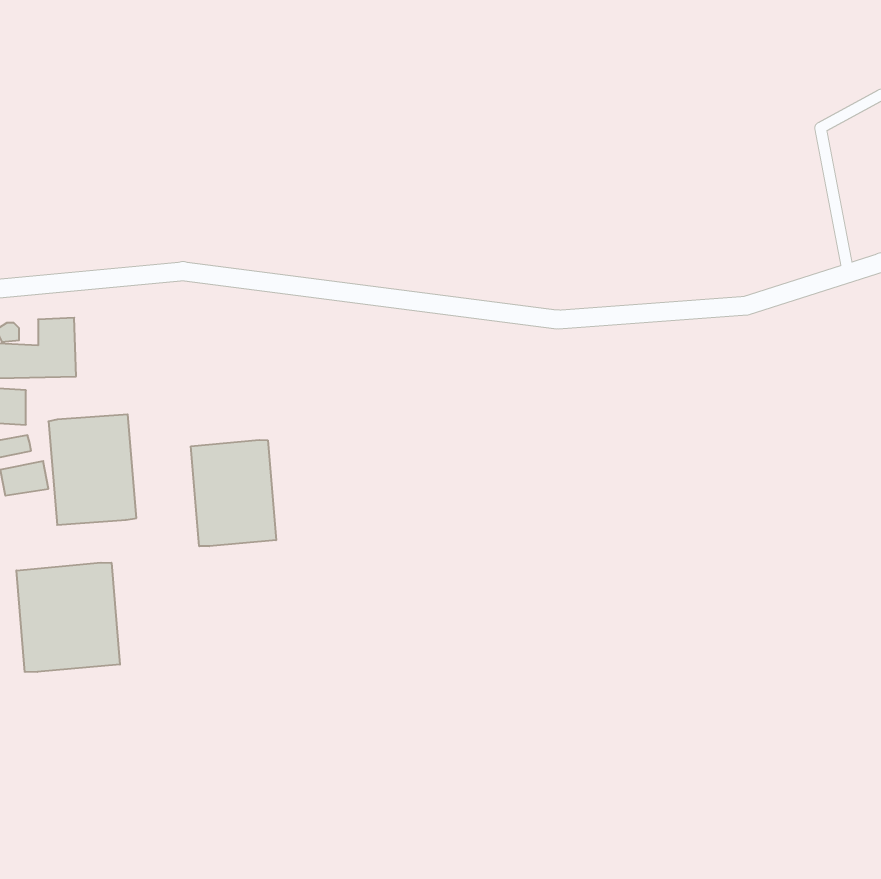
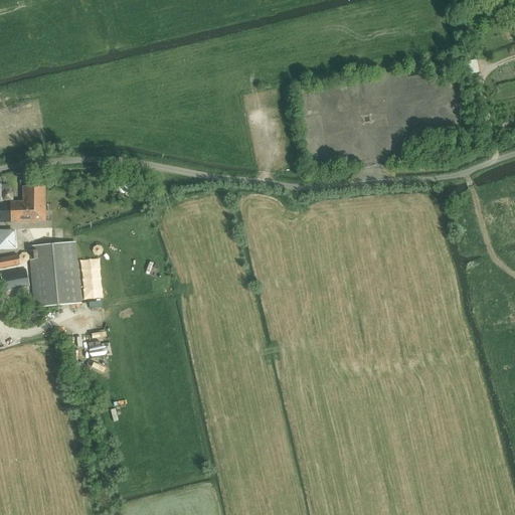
building: [191,440,276,546] -> none
building: [16,563,120,672] -> none

